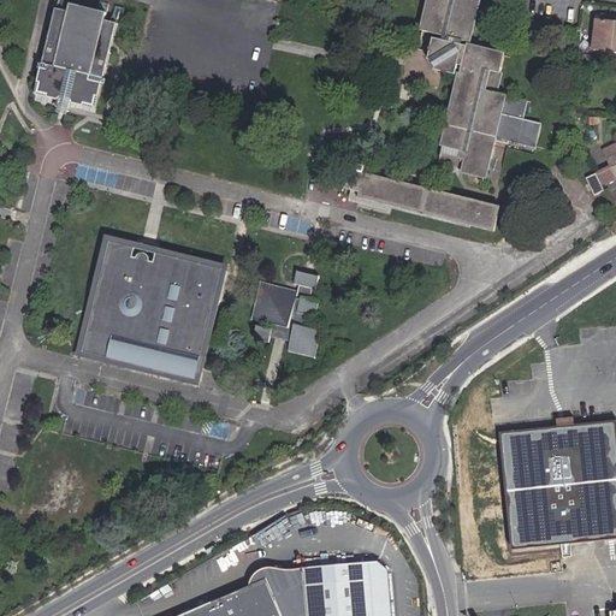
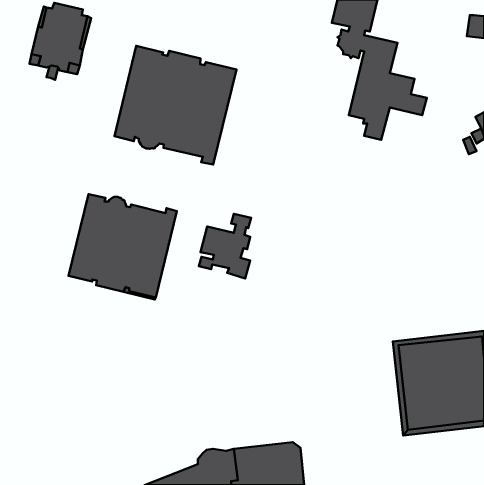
building: none -> [115,46,236,165]
building: [345,170,499,231] -> none
building: [82,238,211,361] -> none

